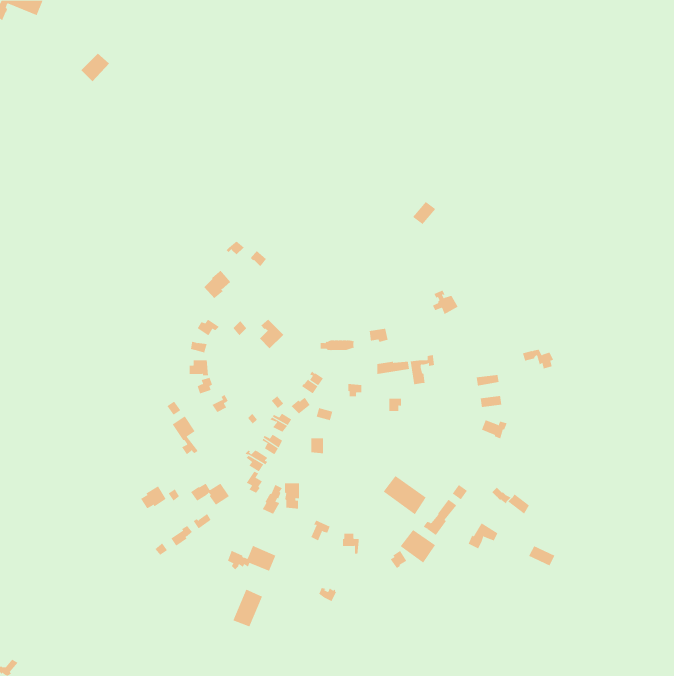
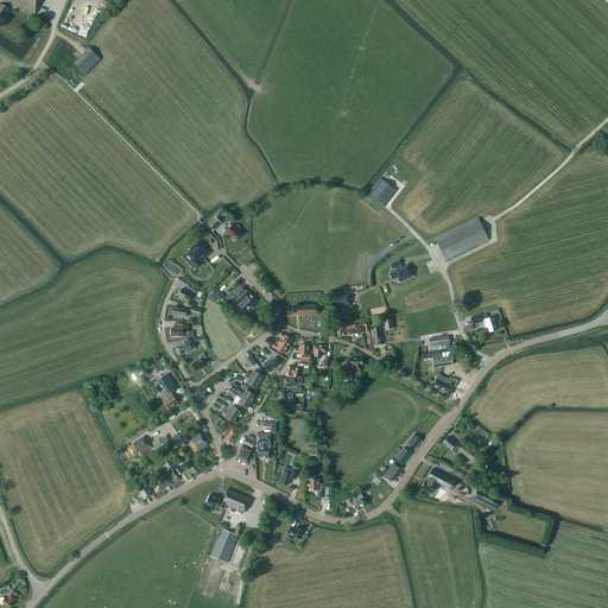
building: none -> [433,217,488,260]
building: [383,475,427,515] -> none
building: [400,529,436,563] -> none

